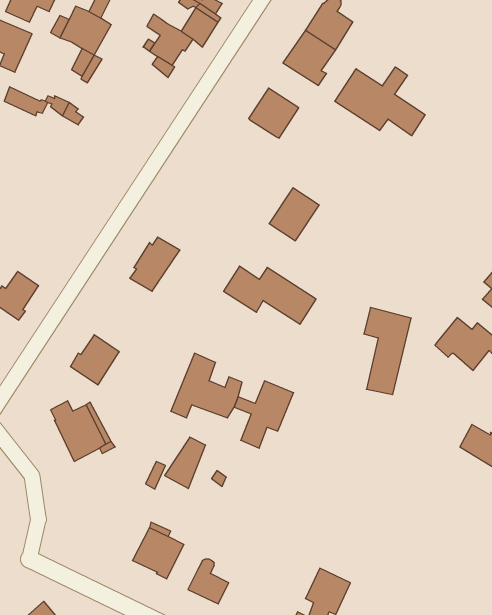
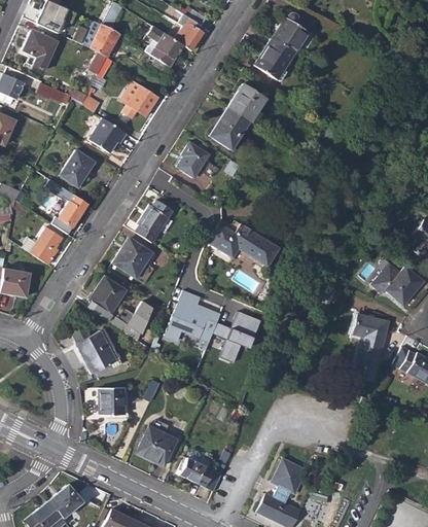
building: [335,67,425,136] -> none
building: none -> [120,81,158,118]
building: none -> [88,118,127,153]
building: none -> [177,142,210,178]
building: none -> [59,149,95,186]
building: [269,188,319,241] -> [210,108,249,149]
building: none -> [44,178,88,234]
building: none -> [113,237,153,278]
building: [364,307,411,395] -> [353,313,390,381]
building: [165,437,206,489] -> [122,302,154,342]
building: none -> [98,387,126,415]

